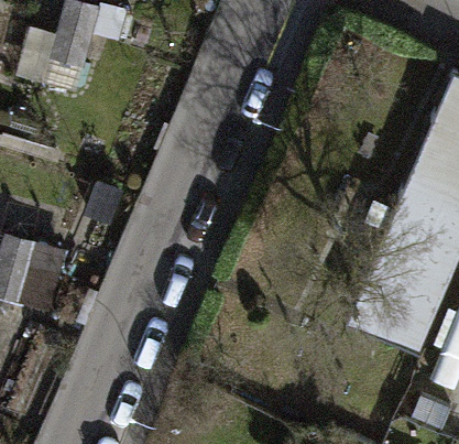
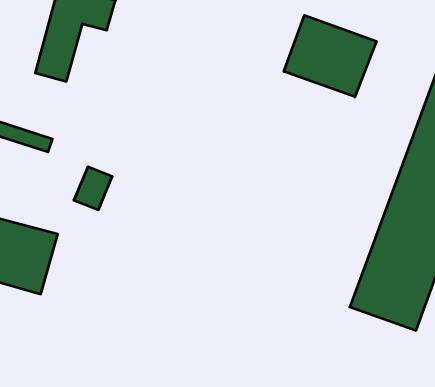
building: none -> [284,15,376,97]

